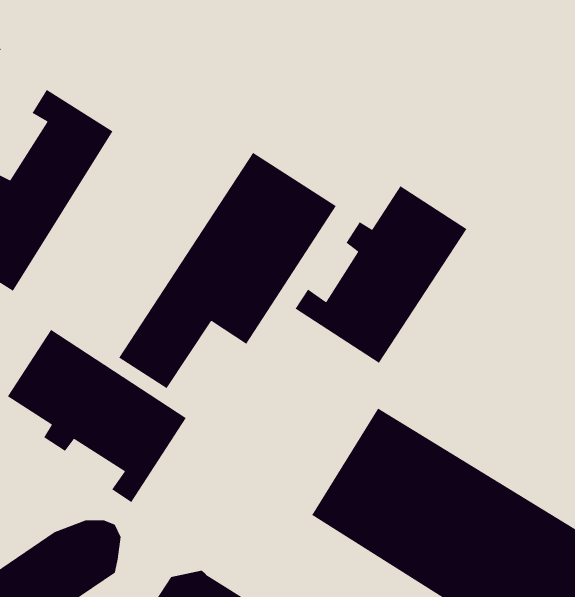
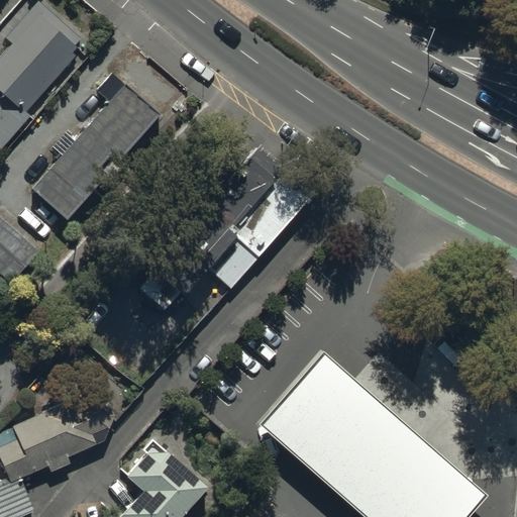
building: [295,185,467,364] -> none
building: [7,329,187,503] -> none

